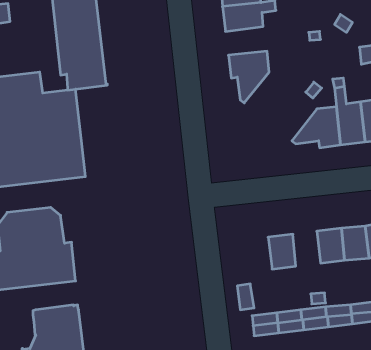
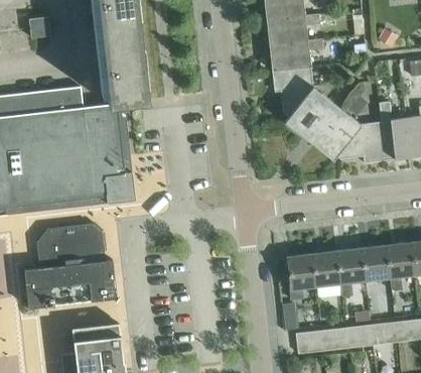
building: none -> [269,39,323,70]
building: none -> [285,87,362,160]
building: none -> [337,248,366,283]
building: none -> [287,254,316,289]

